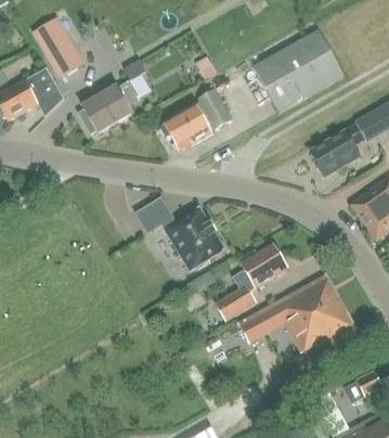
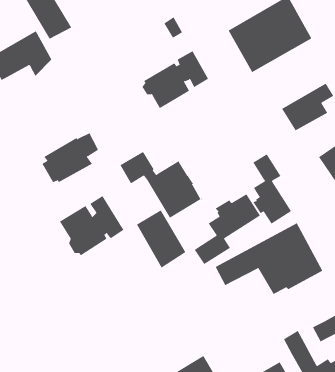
building: [78,79,140,133] -> [42,133,99,183]
building: none -> [252,154,292,224]
building: none -> [59,195,124,256]
building: none -> [136,209,186,268]

